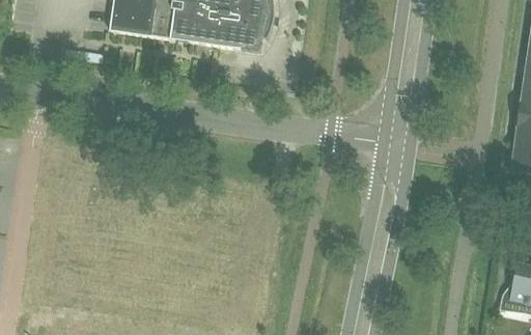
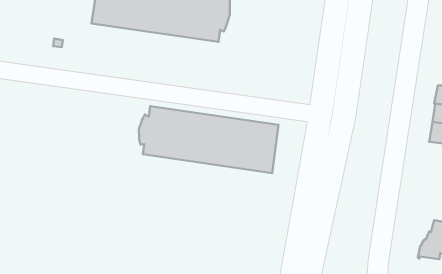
building: none -> [139,106,279,173]

